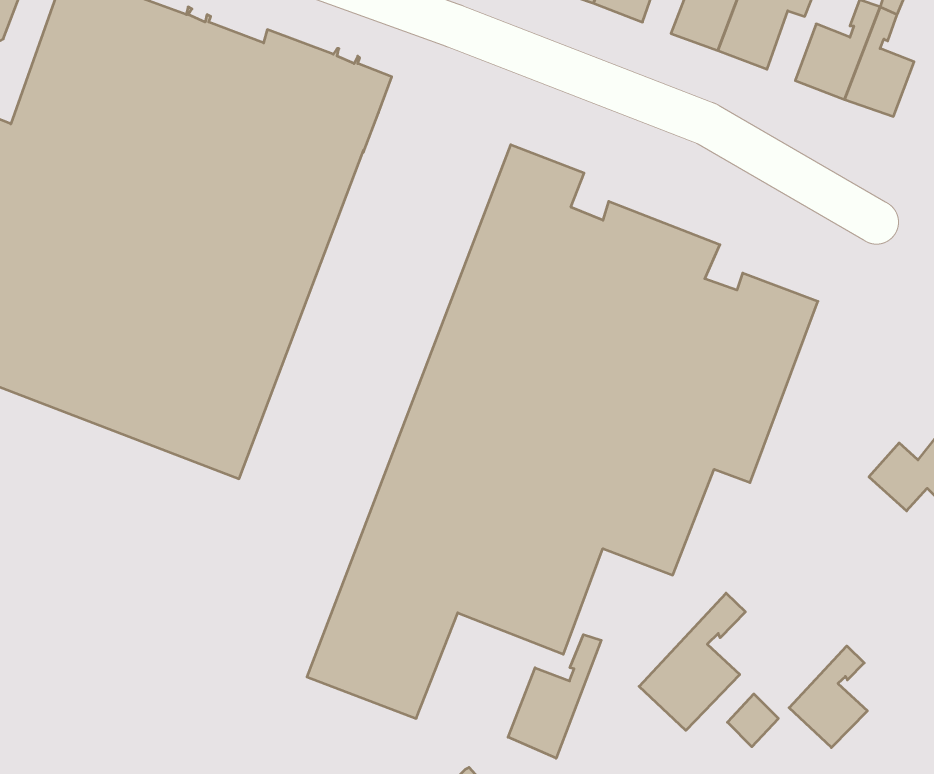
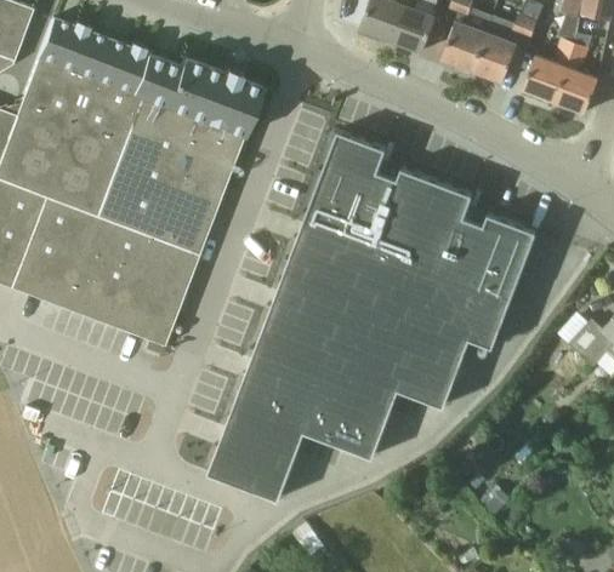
building: [639,593,745,730] -> none
building: [508,635,601,758] -> none
building: [789,646,867,748] -> none

